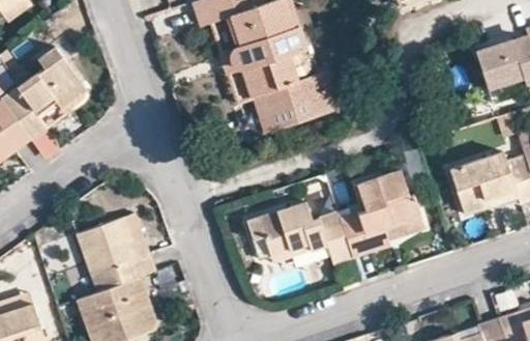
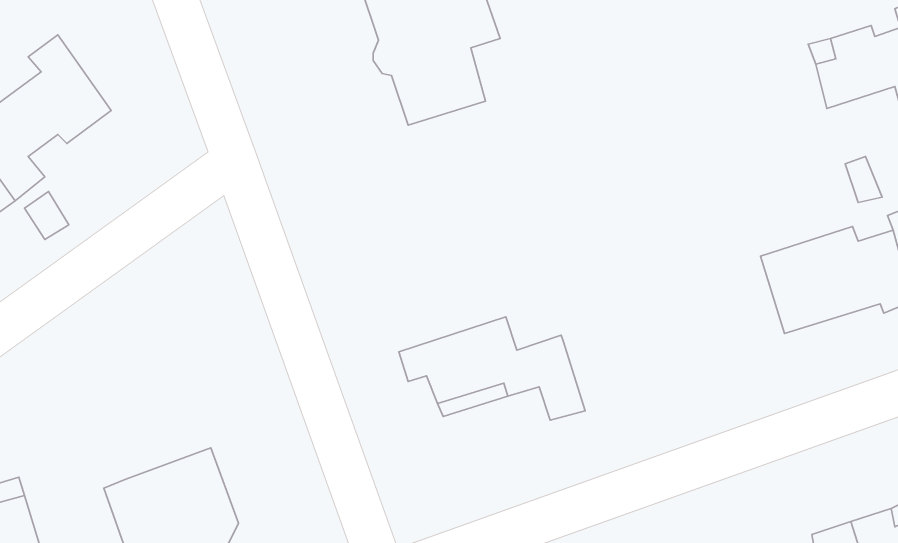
building: [251,70,342,136] -> none
building: [337,169,418,256] -> none
building: [72,220,154,294] -> none

